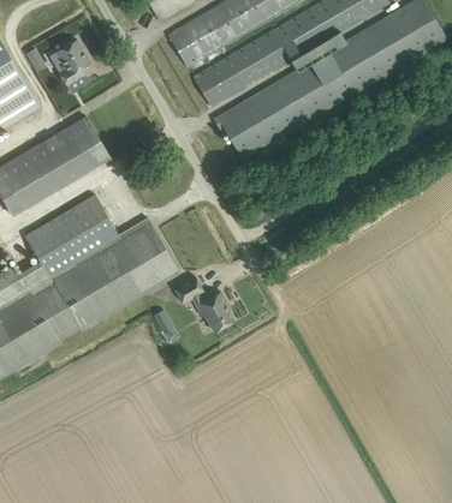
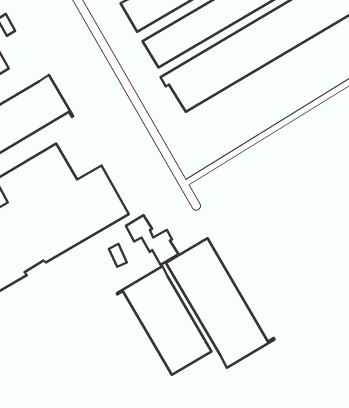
building: [58,38,90,85] -> none
building: none -> [166,238,274,368]
building: none -> [117,266,212,375]

